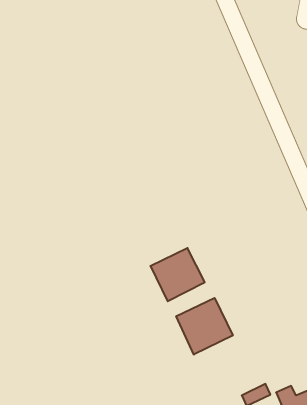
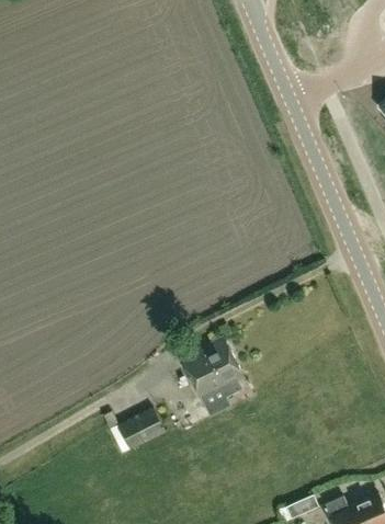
building: [176,298,233,355] -> none
building: none -> [118,410,167,452]

